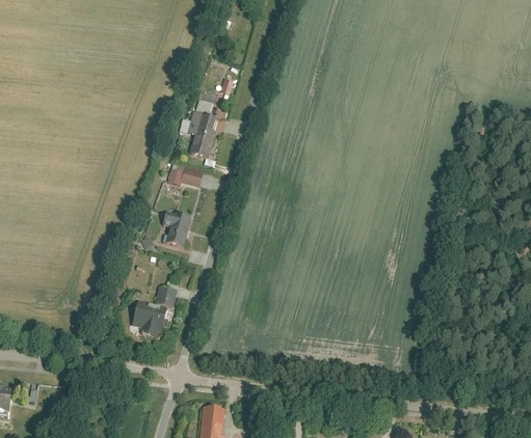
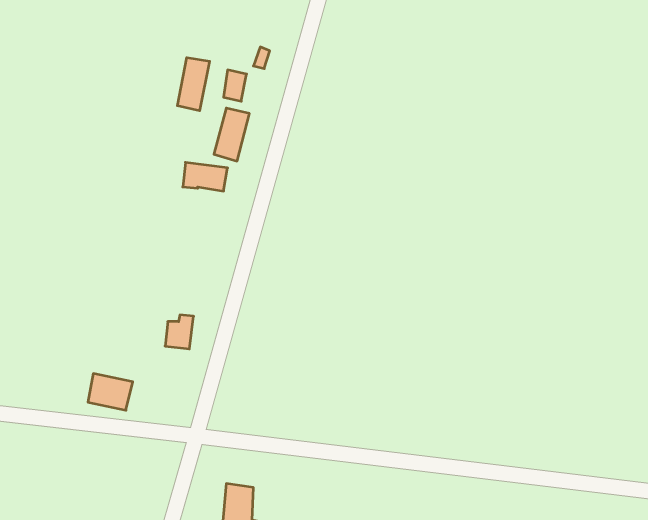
building: none -> [177,58,210,111]
building: [167,218,190,249] -> none
building: [134,301,168,329] -> [88,374,133,410]

